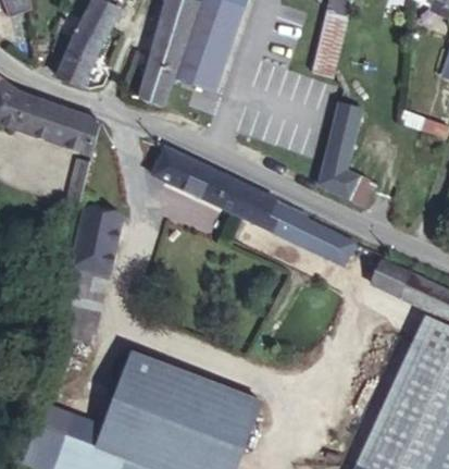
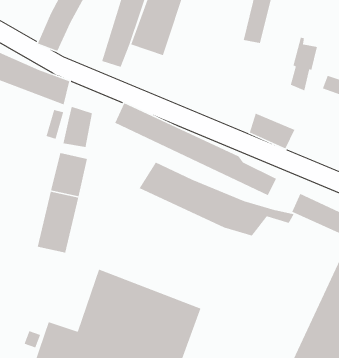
building: [326,100,361,168] -> [290,37,318,91]
building: none -> [63,106,93,148]
building: none -> [139,162,295,236]

